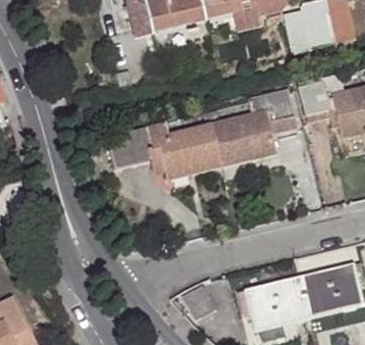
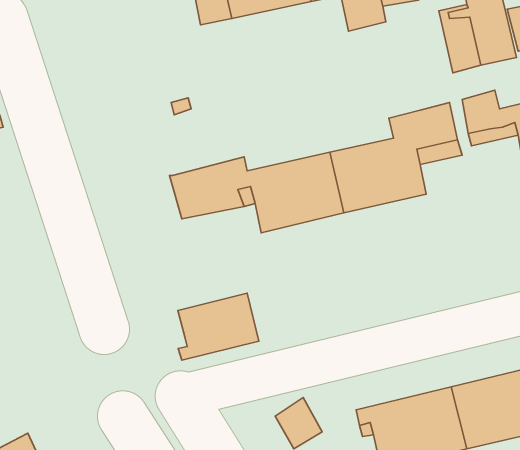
building: none -> [178,293,259,360]

